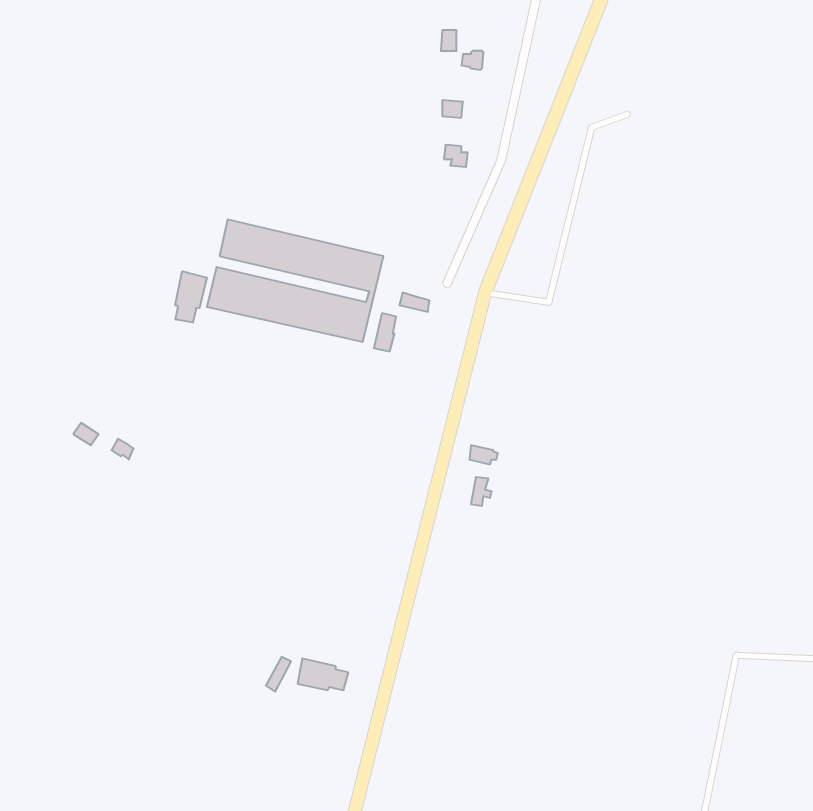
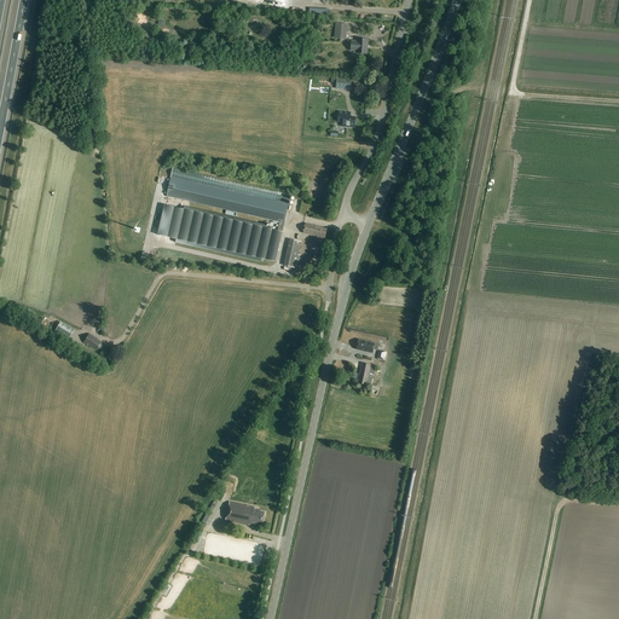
building: [175,271,207,323] -> none

